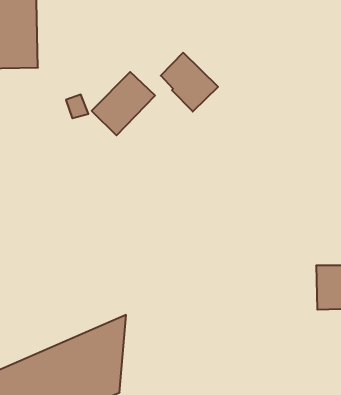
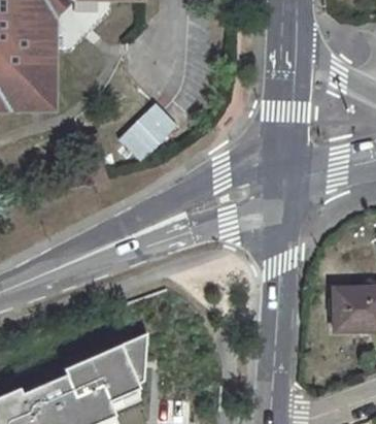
building: [161,53,218,112] -> none

